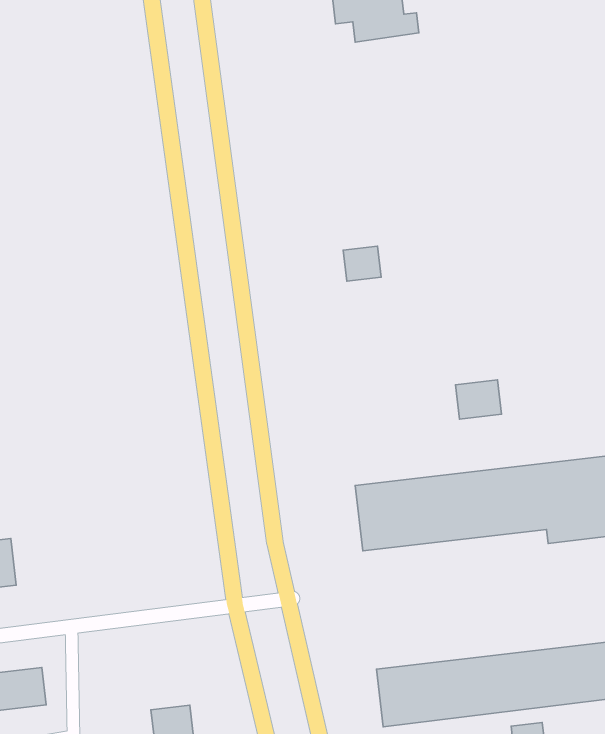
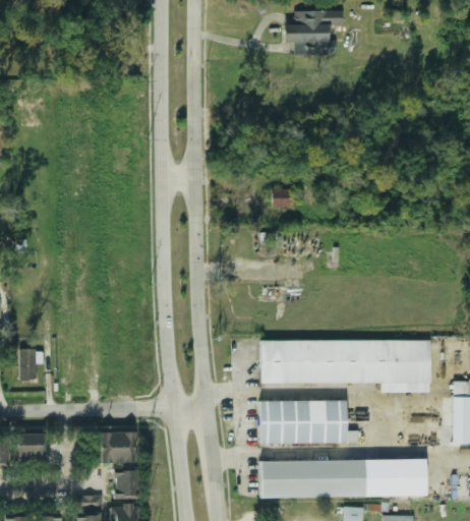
building: [456,380,502,419] -> none
building: none -> [260,401,359,443]
building: none -> [102,431,135,462]

